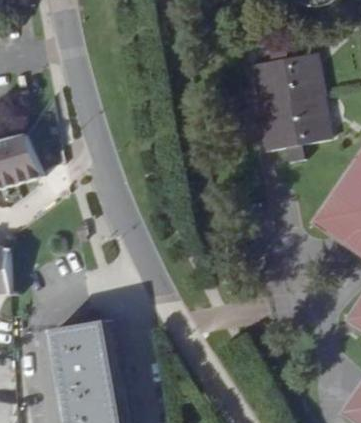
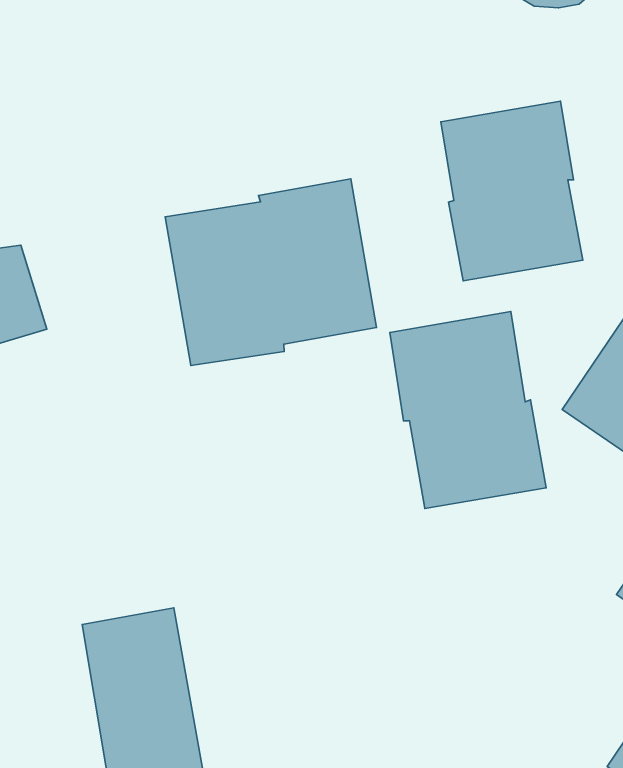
building: none -> [165,179,376,366]
building: none -> [390,312,546,509]

